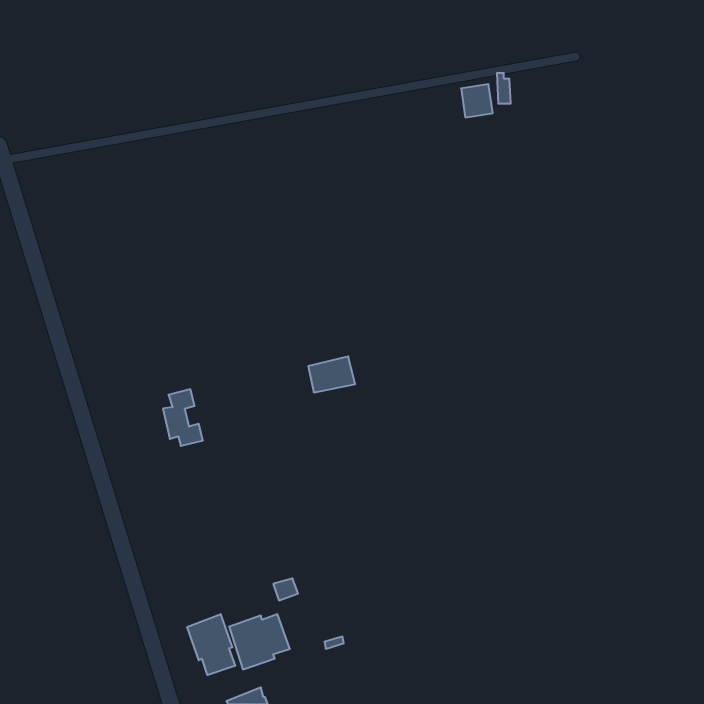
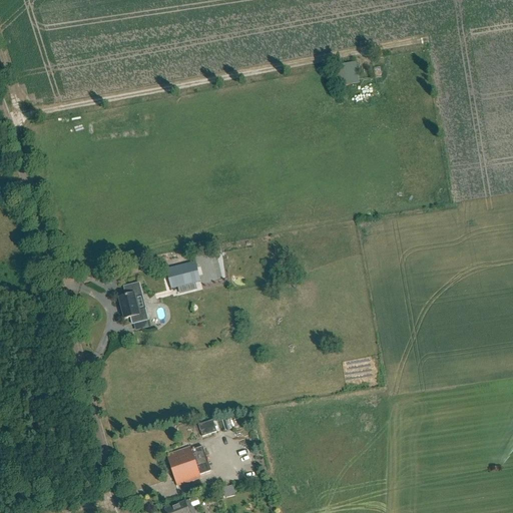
building: [308,356,355,392] -> [165,262,199,288]
building: [187,614,235,675] -> none

